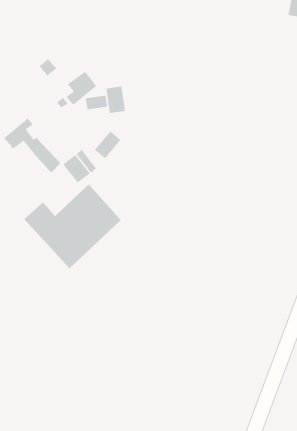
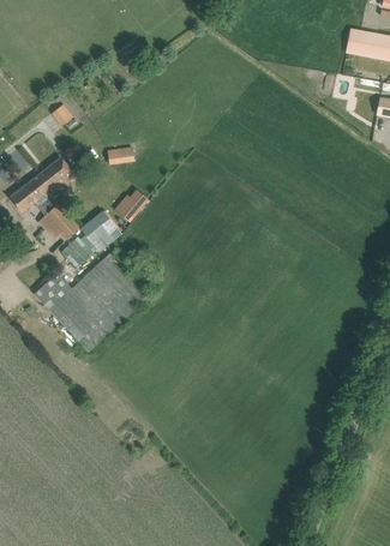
building: [66,71,97,106] -> [37,157,74,198]
building: [105,86,126,114] -> none
building: none -> [60,235,92,268]

